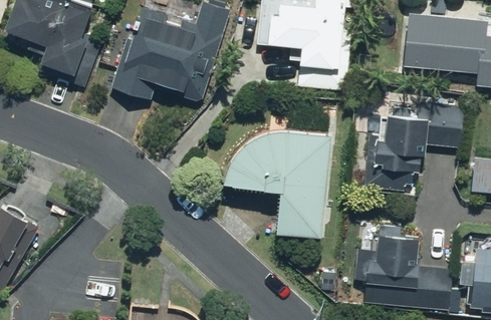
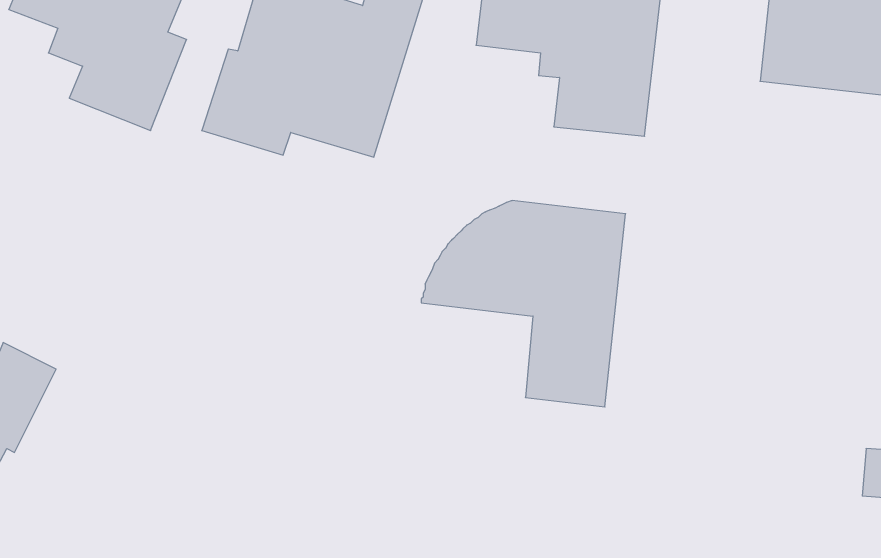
building: [376,103,463,185] -> none
building: [351,233,451,313] -> none

